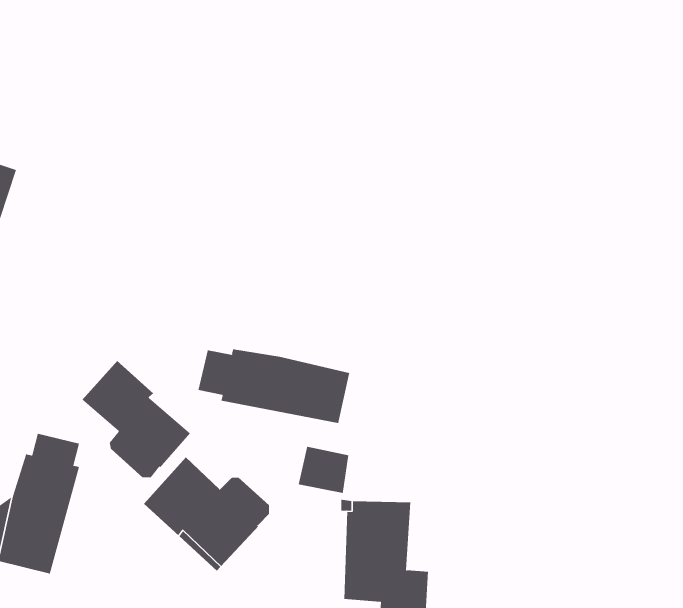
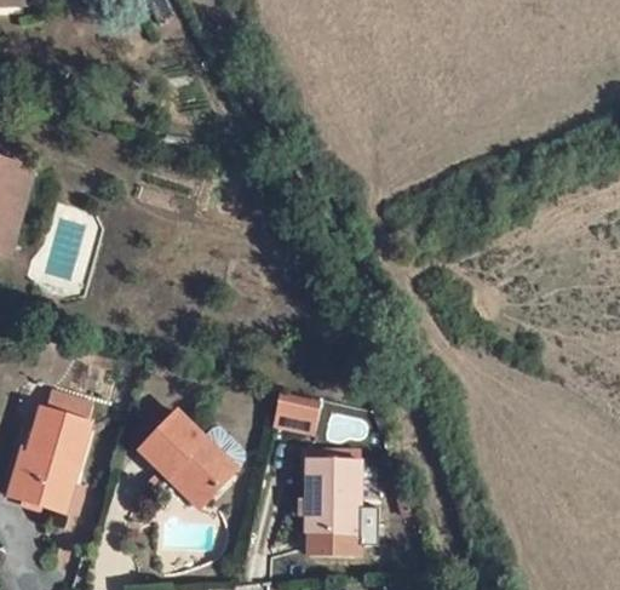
building: [198,348,350,424] -> none
building: [81,360,191,478] -> none

